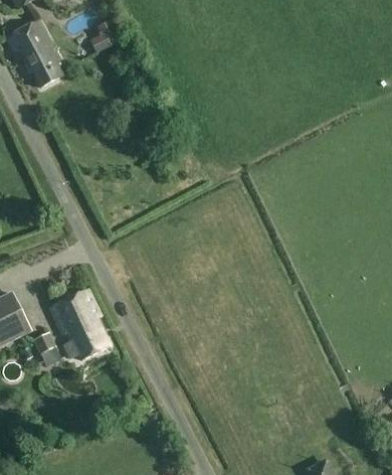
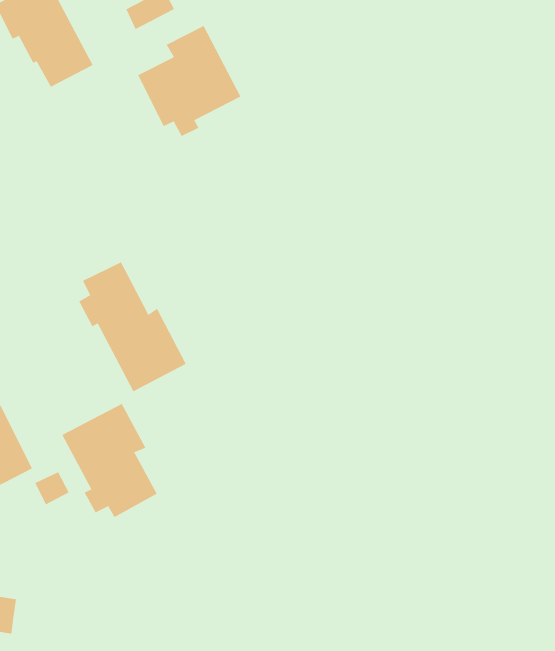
building: none -> [138,25,241,137]
building: none -> [79,262,187,392]

